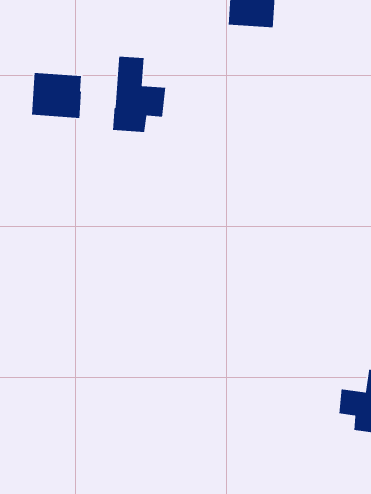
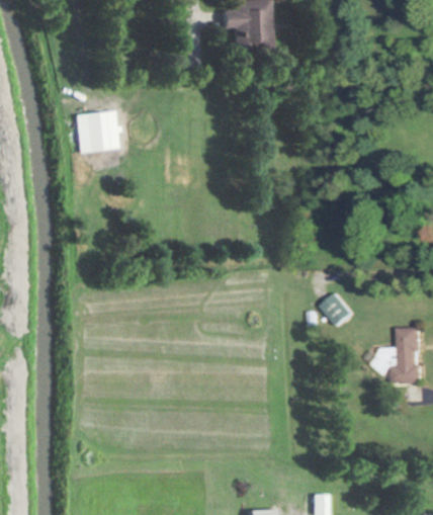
building: [112,56,166,133] -> none
building: none -> [321,294,354,328]

